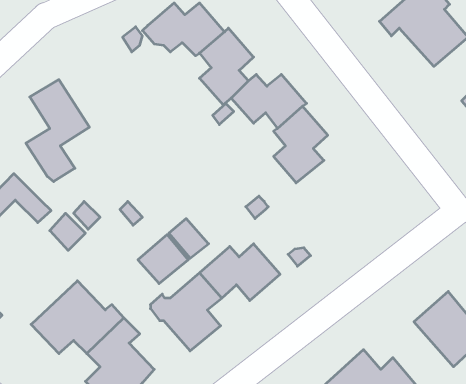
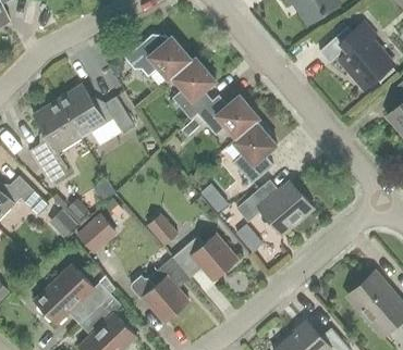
building: none -> [57,84,134,138]
building: none -> [237,182,313,234]
building: [138,235,188,284] -> [77,213,119,253]

